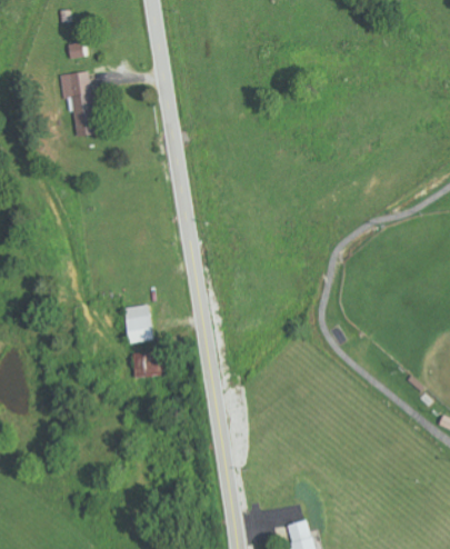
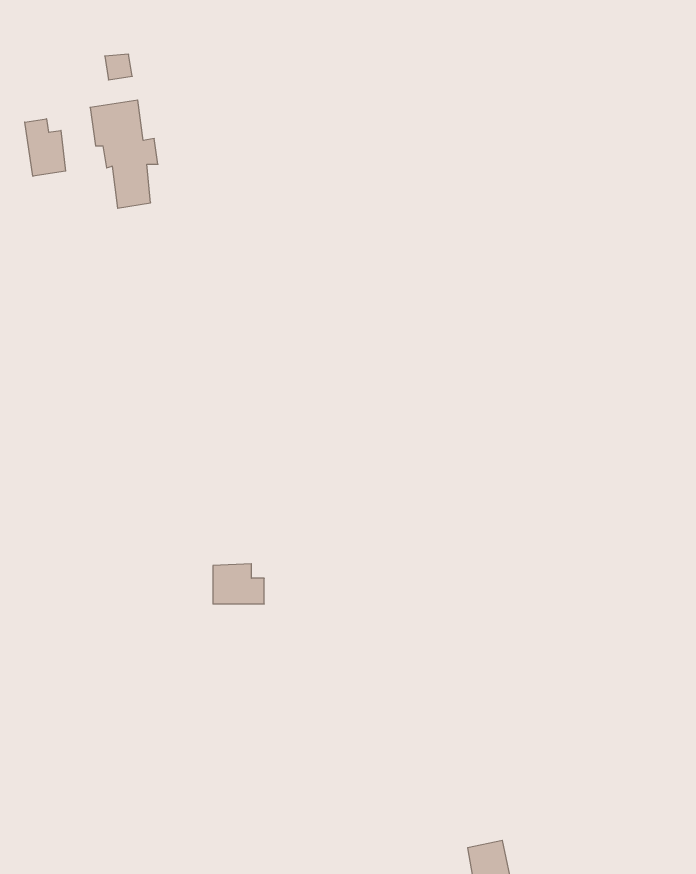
building: none -> [25,119,66,176]
building: [123,306,152,343] -> none

